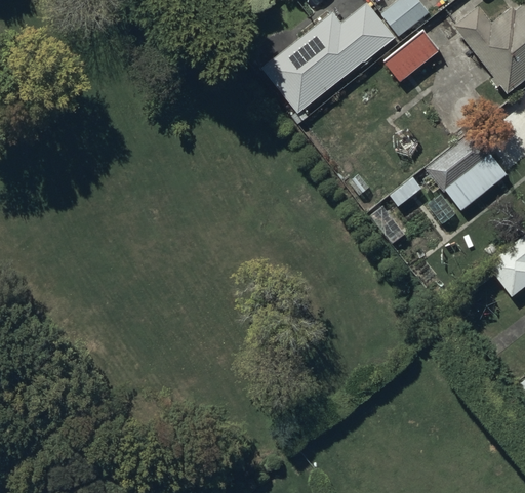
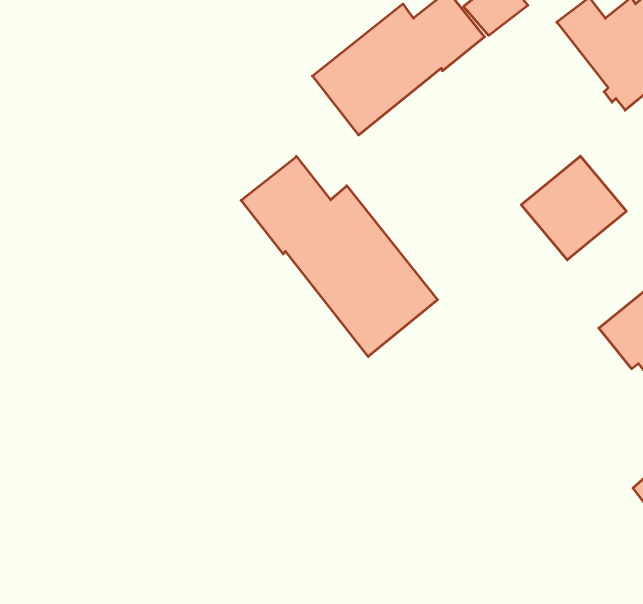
building: [382,28,441,83] -> none
building: none -> [241,156,438,357]

